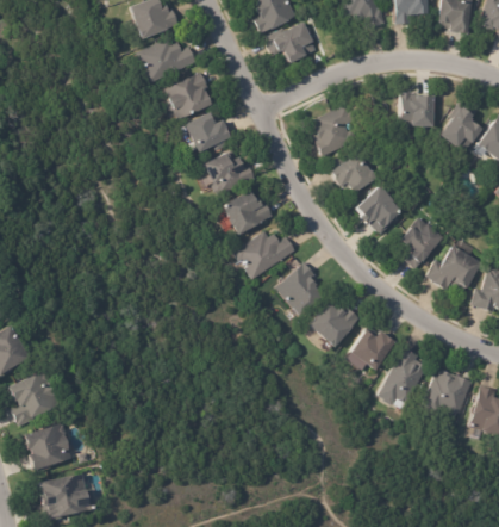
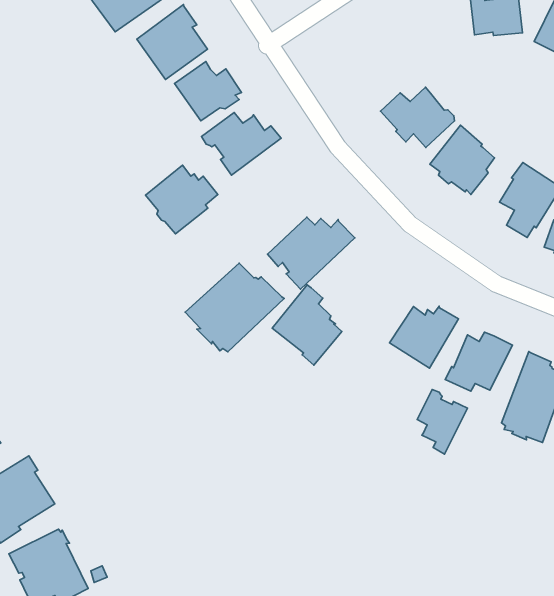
building: [308,104,354,156] -> none
building: [223,191,273,237] -> [146,165,218,234]
building: none -> [185,263,284,352]
building: [274,260,322,316] -> [272,285,342,365]
building: none -> [417,389,468,454]

